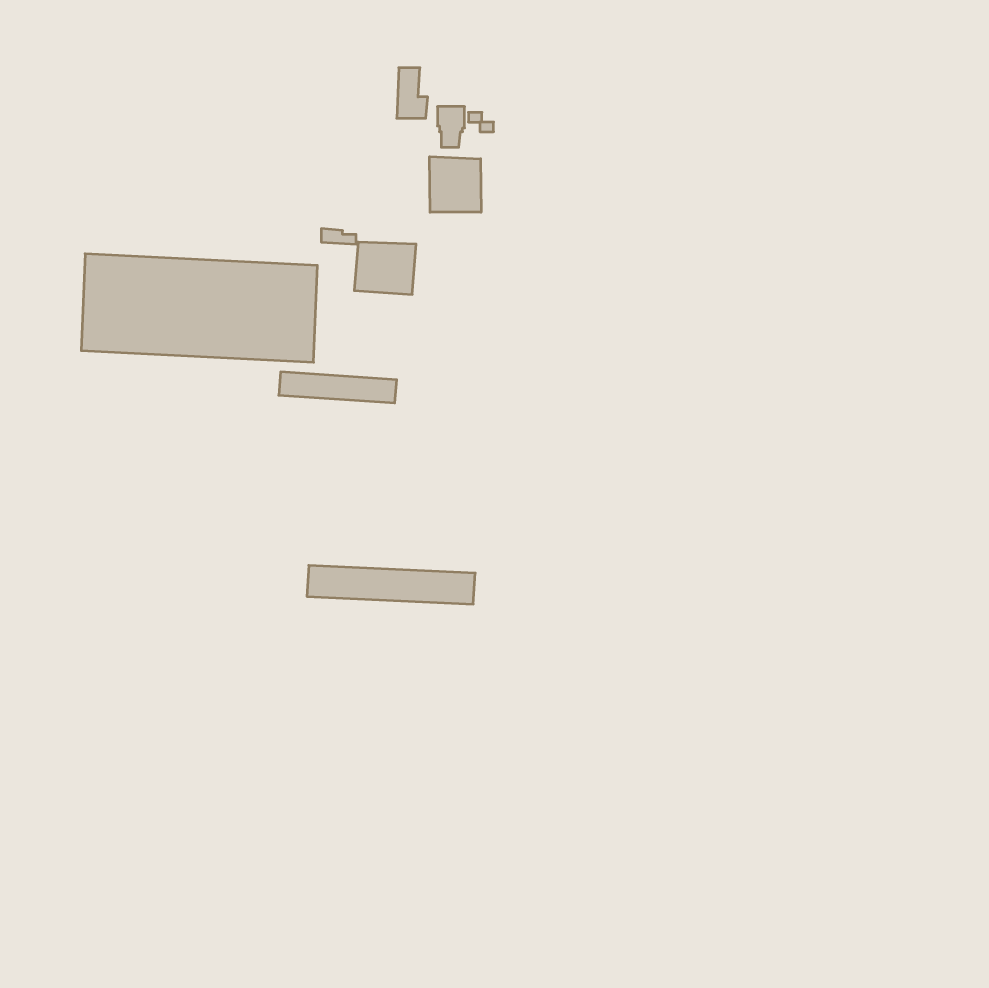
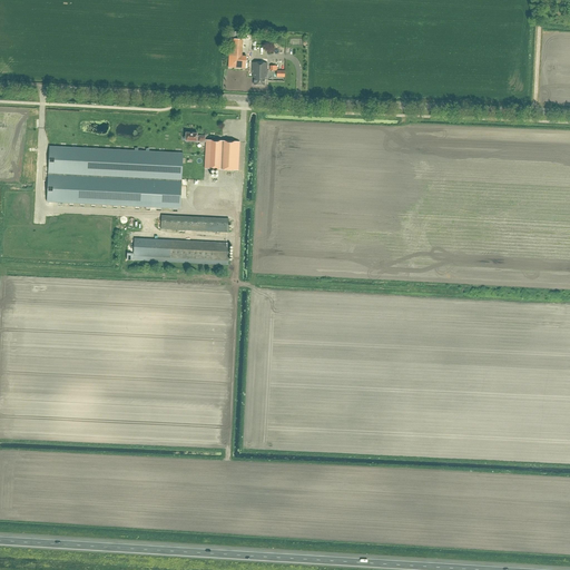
building: [430,157,481,212] -> none
building: [307,565,475,604] -> [132,237,229,259]

